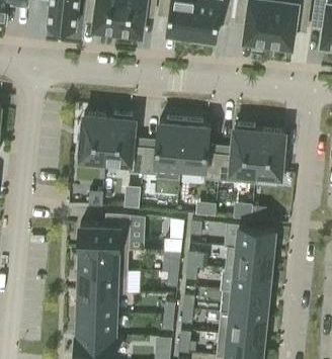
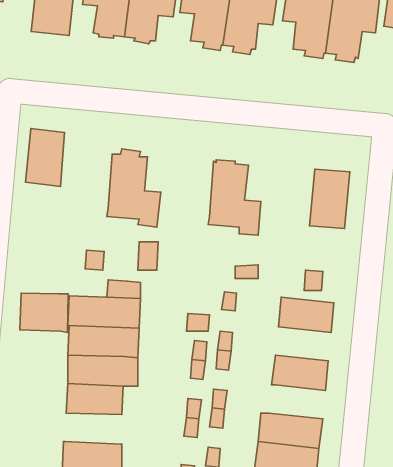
building: [79,116,108,160] -> [25,128,65,186]
building: [142,121,184,175] -> none
building: [218,126,260,183] -> none
building: none -> [20,293,68,332]
building: [224,248,272,274] -> none
building: [226,292,268,318] -> none
building: [73,313,115,337] -> none

